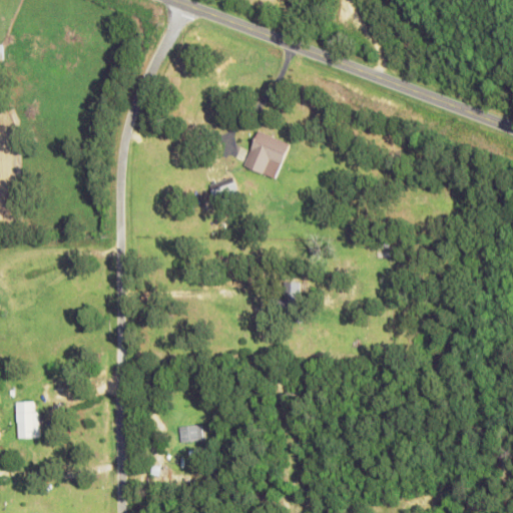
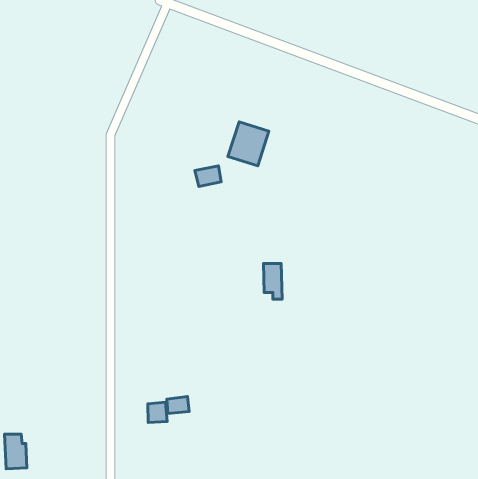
building: [15,401,39,438] -> [4,434,27,469]
building: none -> [148,402,167,423]

